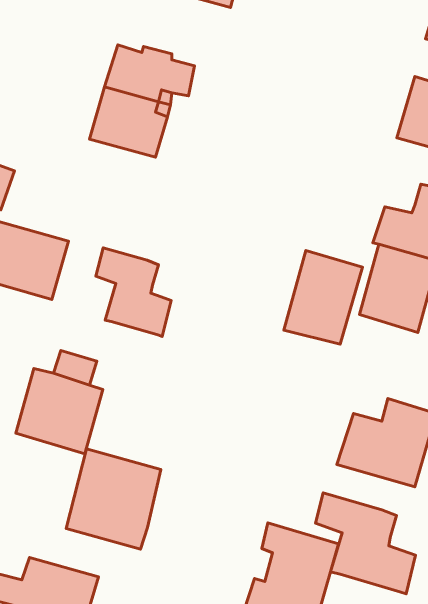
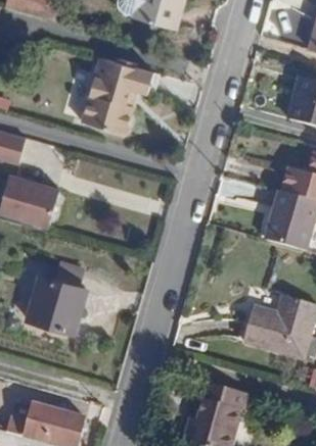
building: [96,248,171,336] -> none
building: [284,250,363,344] -> none
building: [66,449,161,549] -> none
building: [315,493,416,594] -> none

